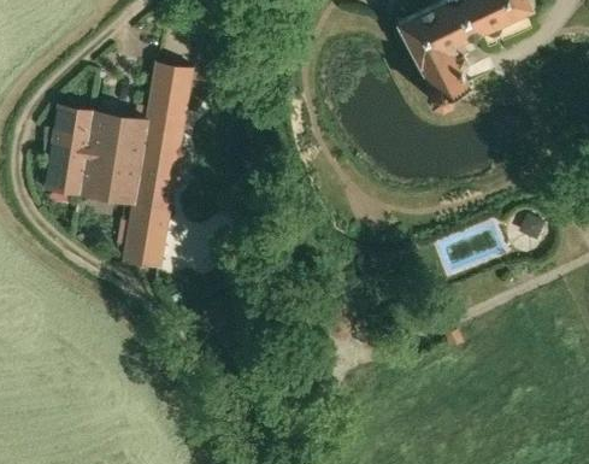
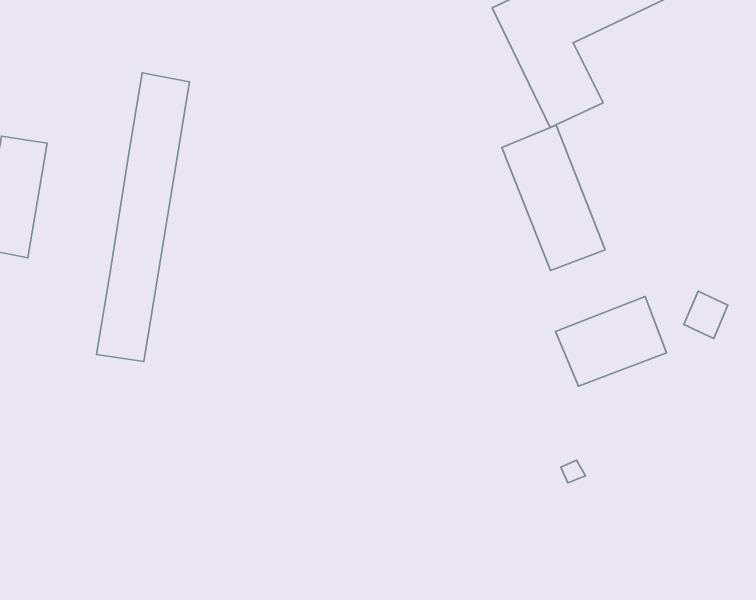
building: none -> [502,125,605,270]
building: [78,114,147,201] -> none

